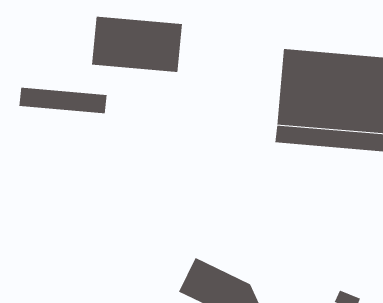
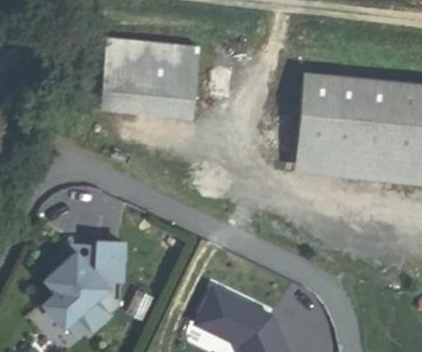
building: [19,87,107,114] -> [100,88,194,116]
building: none -> [43,244,122,332]

